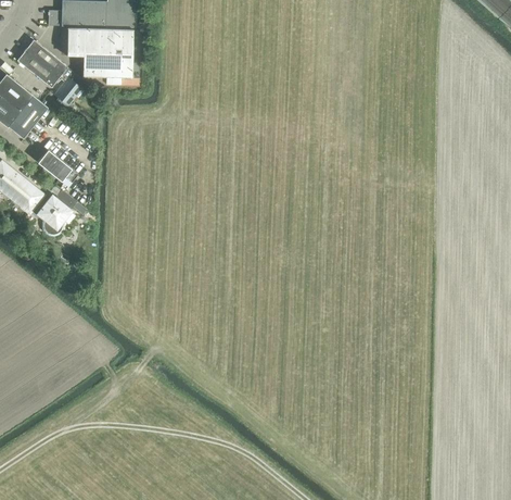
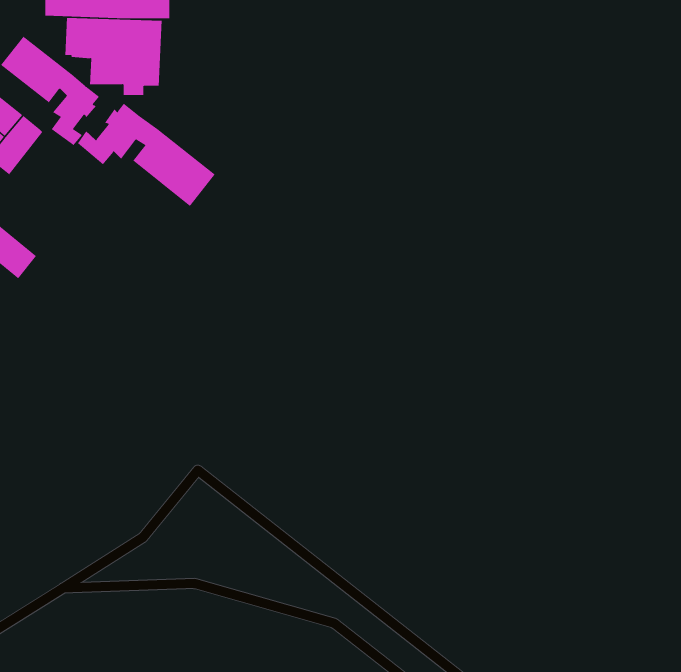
building: none -> [77,103,216,207]
building: [36,149,77,186] -> none
building: [37,190,86,234] -> none

